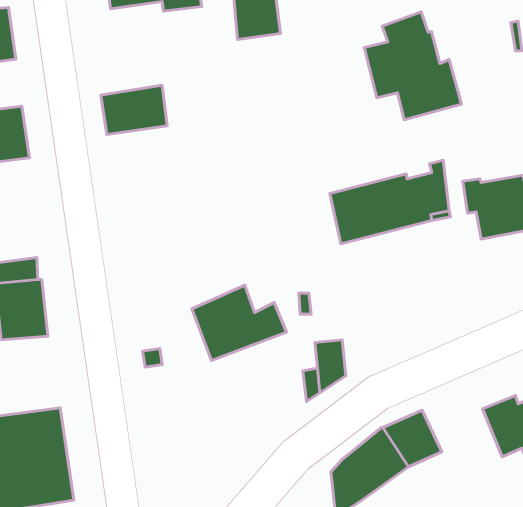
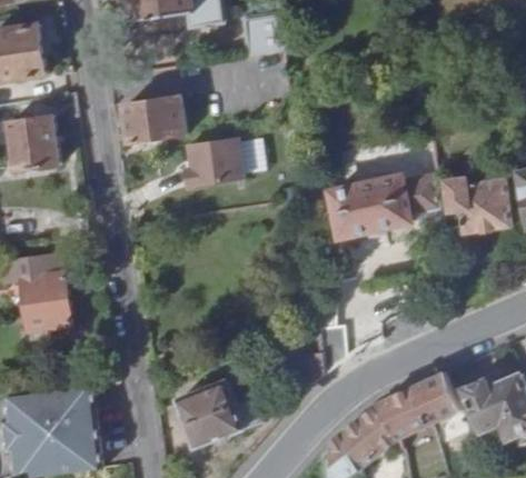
building: [364,12,461,120] -> none
building: none -> [186,135,246,186]
building: [192,285,287,360] -> [173,379,259,447]
building: none -> [411,375,460,427]

